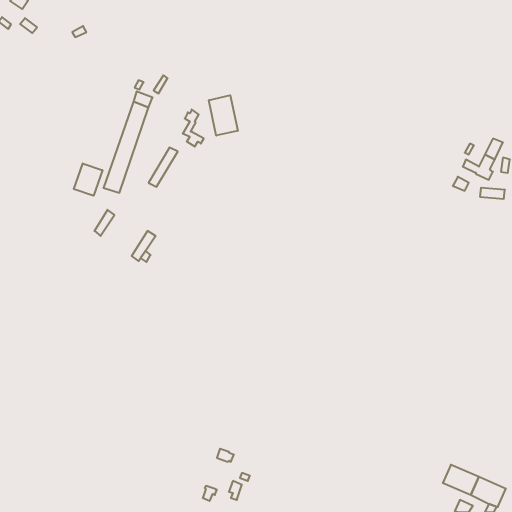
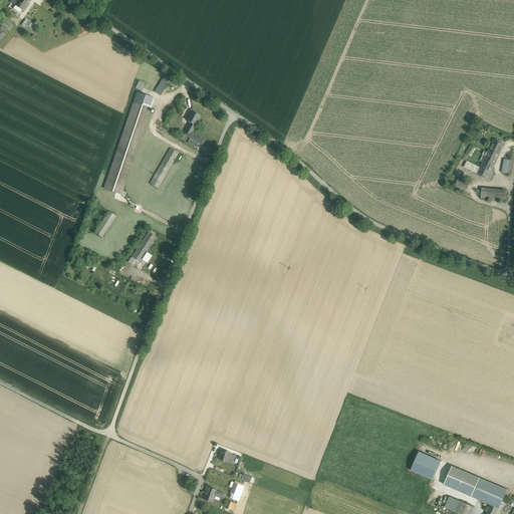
building: [209,95,238,136] -> none
building: [74,163,102,196] -> none
building: none -> [409,450,440,478]

